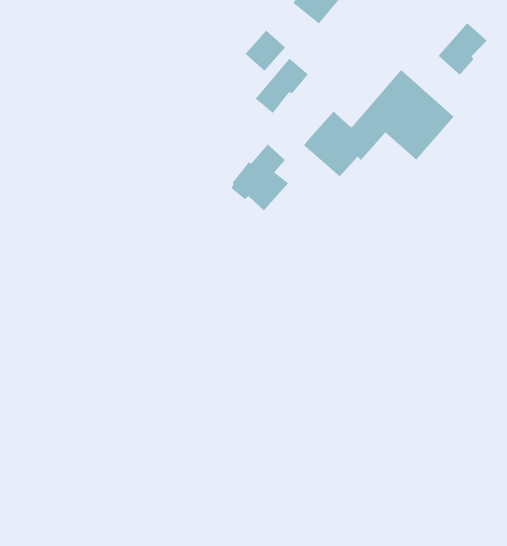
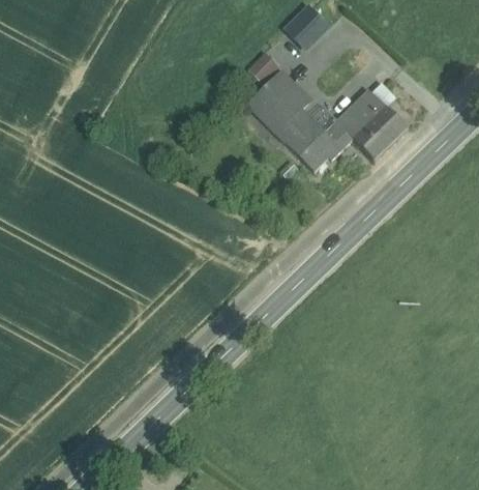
building: [438,23,488,75] -> none
building: [231,143,289,211] -> [263,86,309,140]

